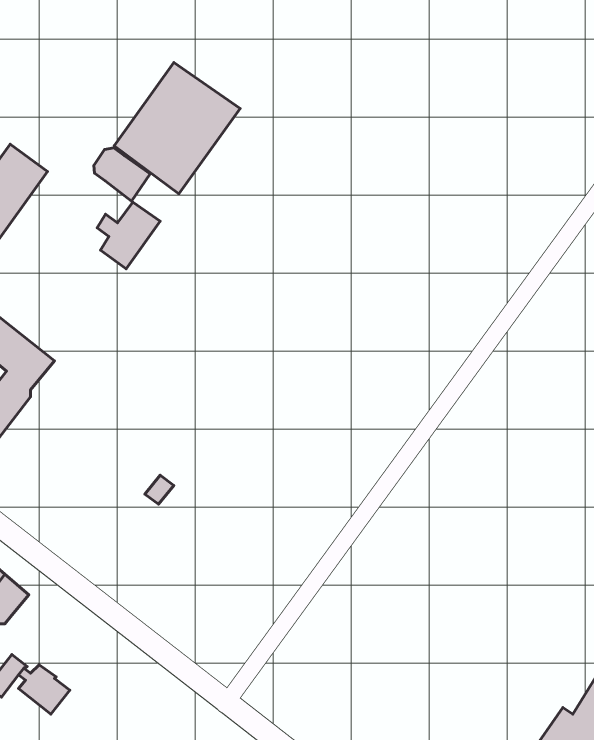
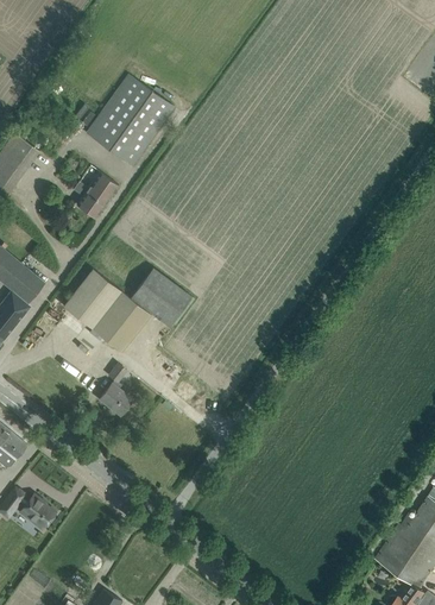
building: [94,148,150,201] -> none
building: none -> [63,267,191,352]
building: none -> [100,383,133,416]

